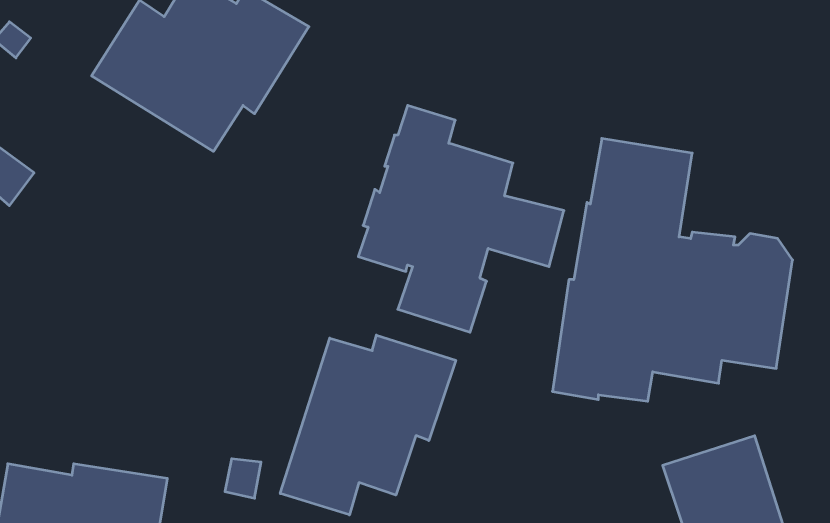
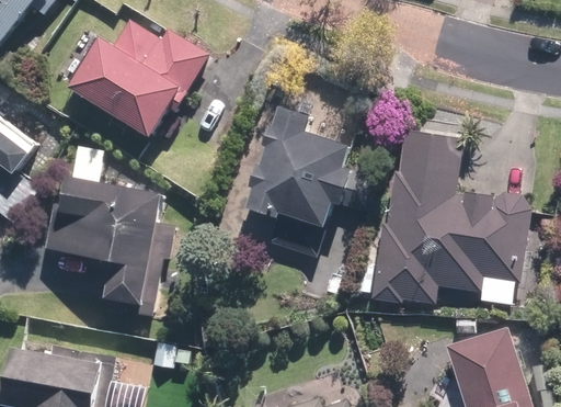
building: none -> [44,174,174,316]
building: [280,335,456,515] -> none

